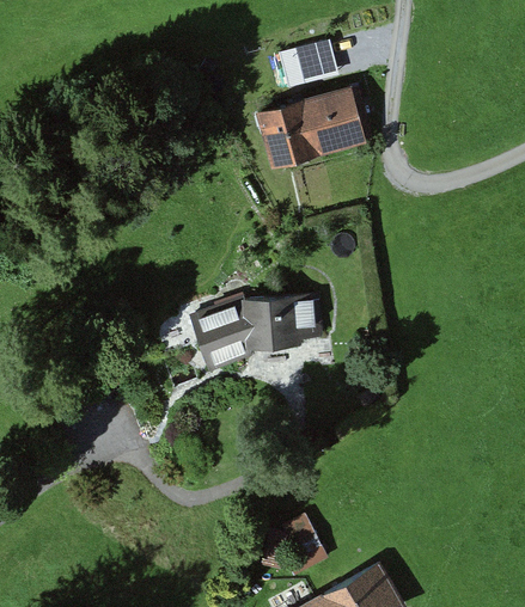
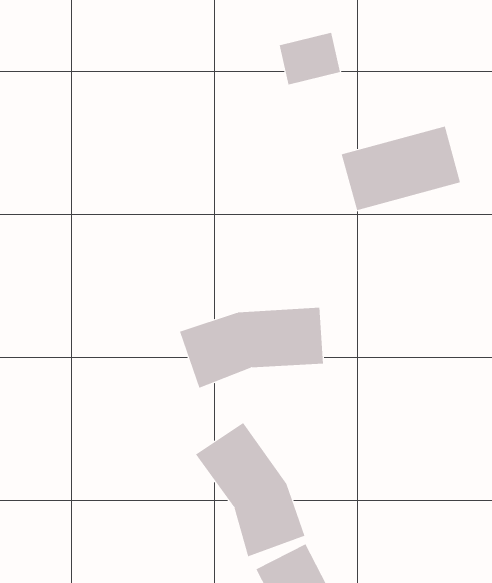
building: [257,86,368,165] -> [341,126,461,211]
building: none -> [195,422,305,557]

